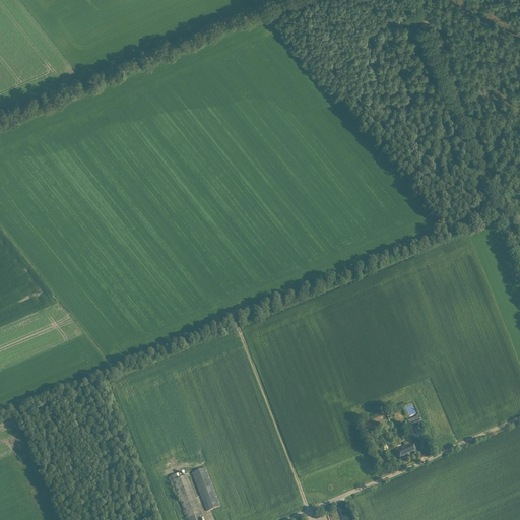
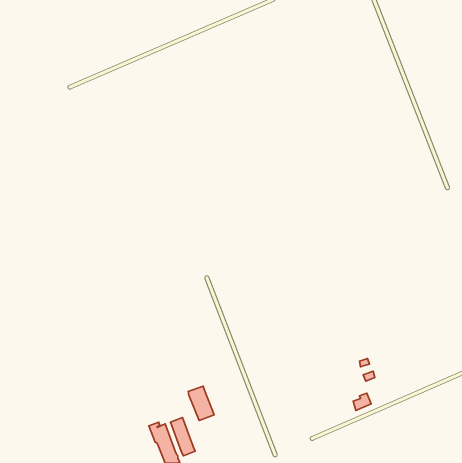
building: none -> [188,386,214,421]

